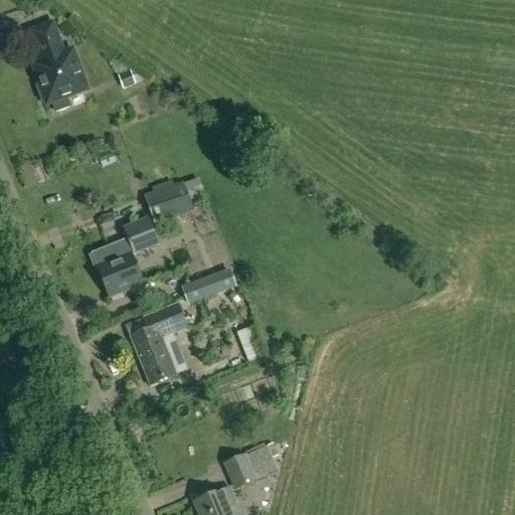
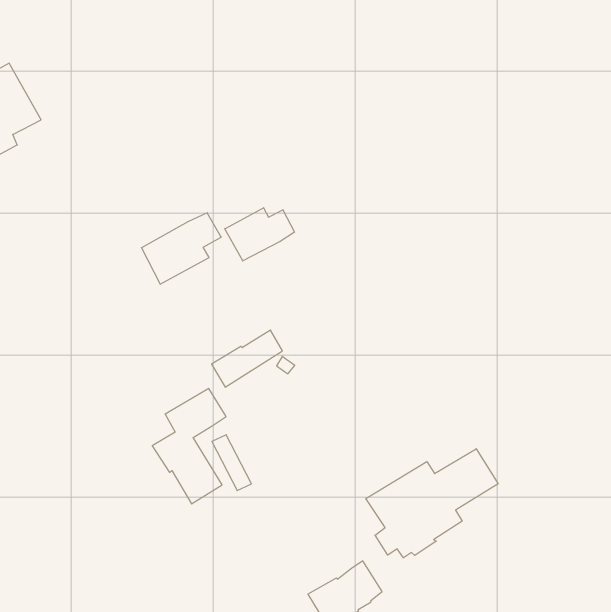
building: none -> [225,208,294,261]
building: [90,216,160,296] -> none
building: none -> [366,449,498,558]

